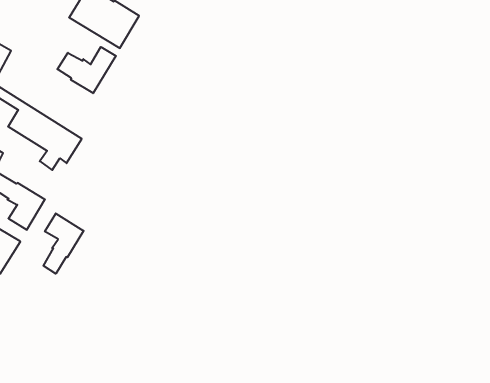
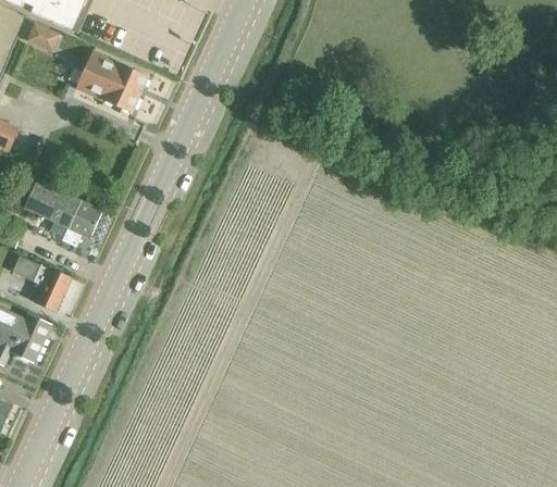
building: [57,47,116,93] -> none
building: [43,213,84,274] -> none

